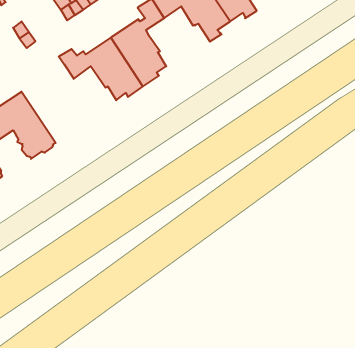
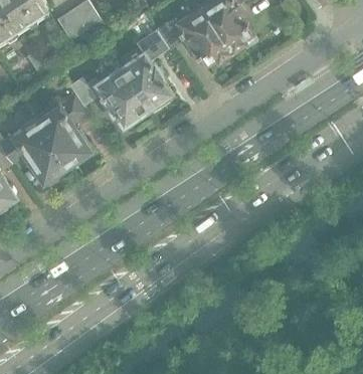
building: none -> [34,92,89,167]

